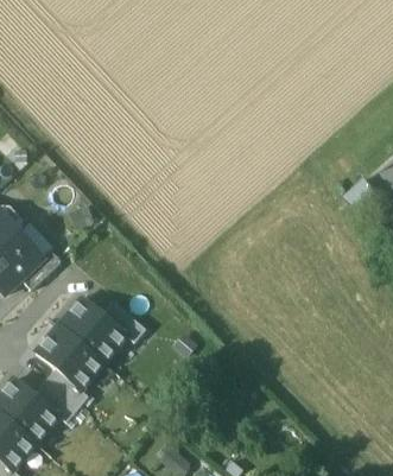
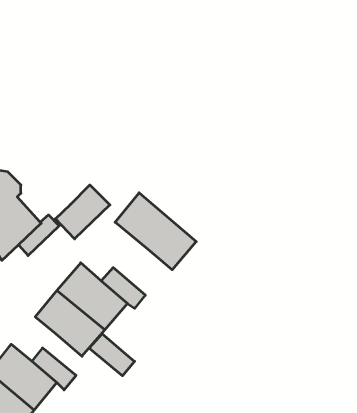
building: none -> [55,185,110,239]
building: none -> [115,193,196,270]
building: [44,368,89,410] -> [89,334,135,376]

